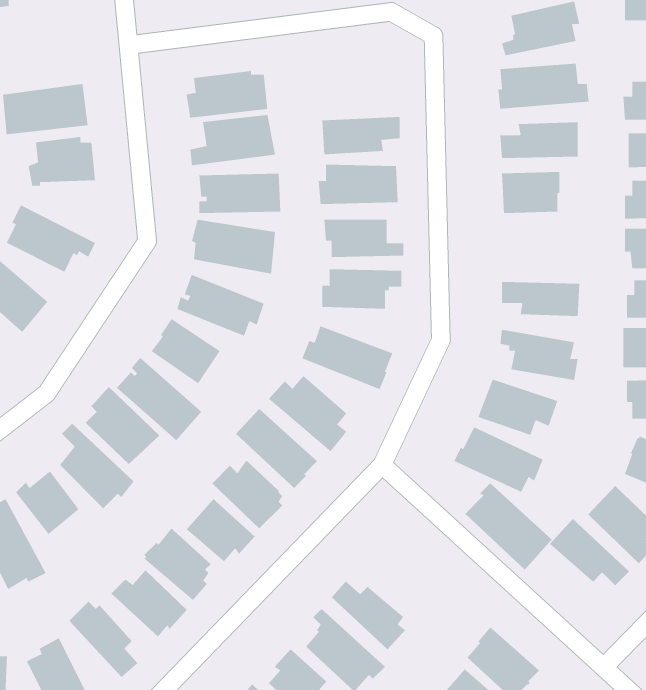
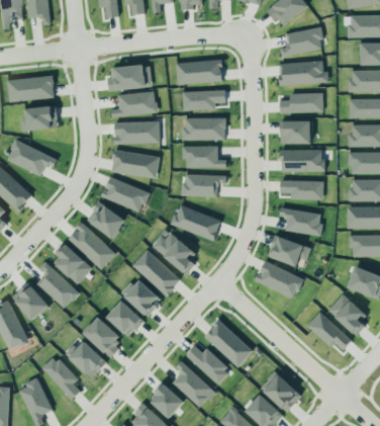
building: none -> [176,60,221,85]
building: none -> [280,150,324,171]
building: [464,483,552,571] -> [204,320,253,368]

